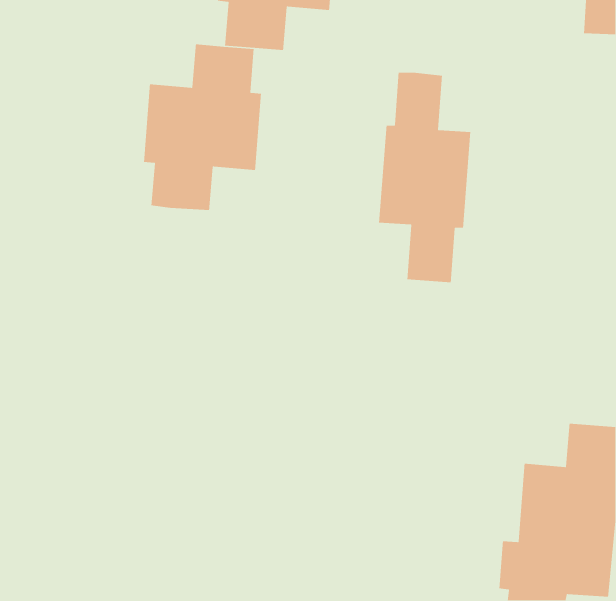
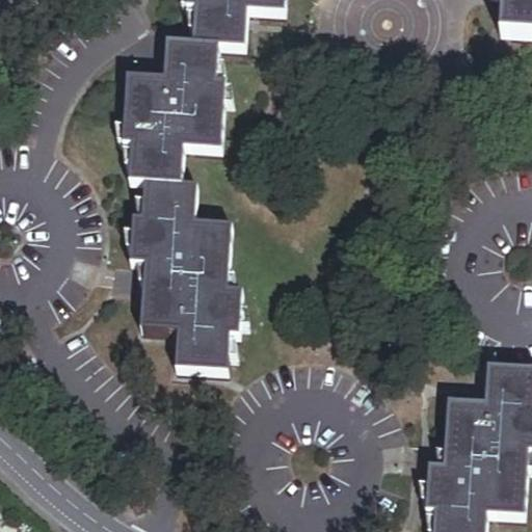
building: [378,72,471,283] -> none
building: none -> [131,179,241,368]

